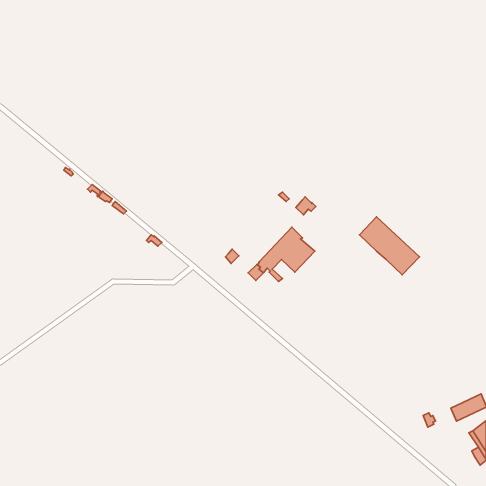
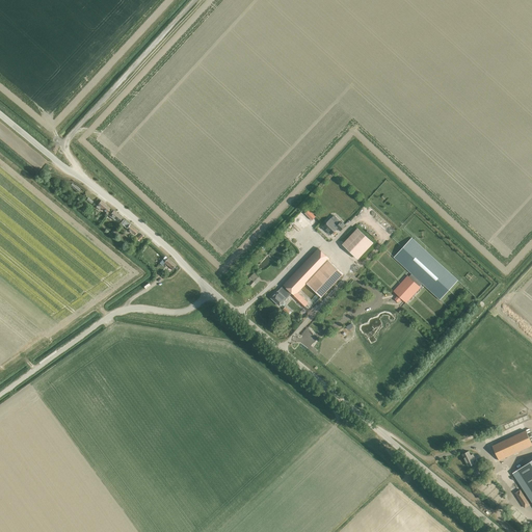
building: none -> [343,229,373,259]
building: none -> [393,275,421,303]

